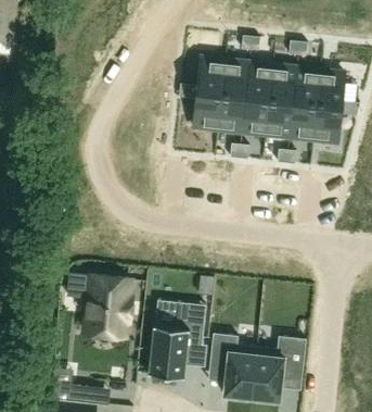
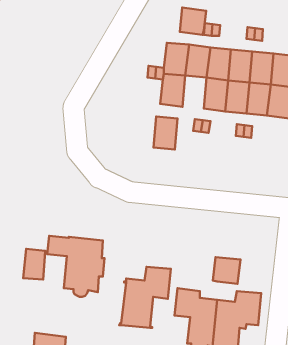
building: none -> [180,8,206,35]
building: [218,95,245,132] -> [153,117,178,150]
building: none -> [23,249,45,279]
building: none -> [213,257,241,284]

